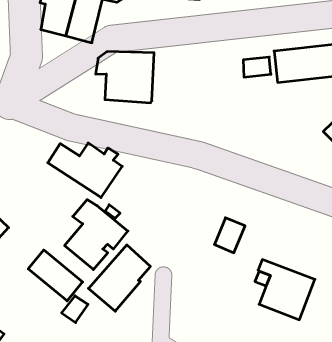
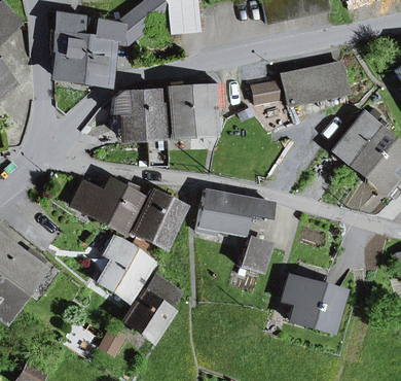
building: none -> [167,84,221,134]
building: none -> [133,189,183,244]
building: none -> [196,188,272,235]
building: [28,250,83,301] -> none

